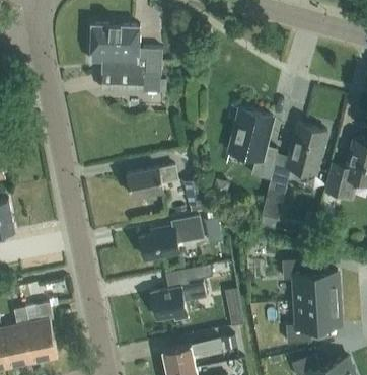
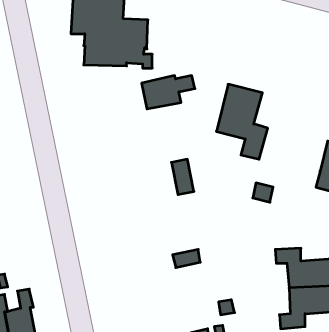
building: [269,124,326,192] -> none
building: [126,167,176,199] -> [142,76,195,109]
building: [139,223,195,260] -> none
building: [150,283,207,320] -> none

